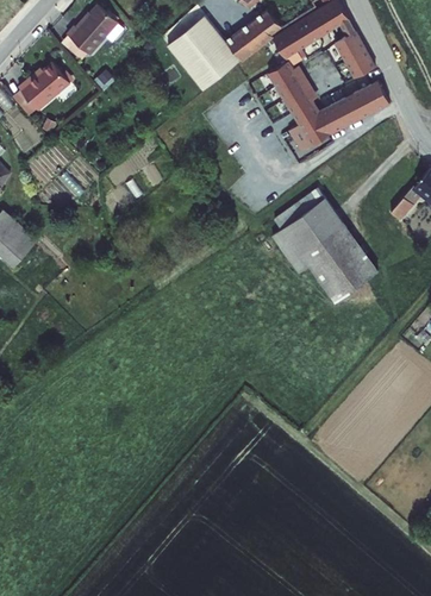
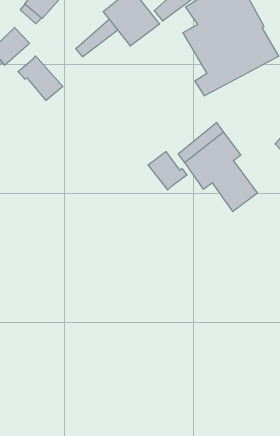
building: none -> [76,19,118,57]
building: none -> [18,56,63,100]
building: none -> [148,152,187,190]

